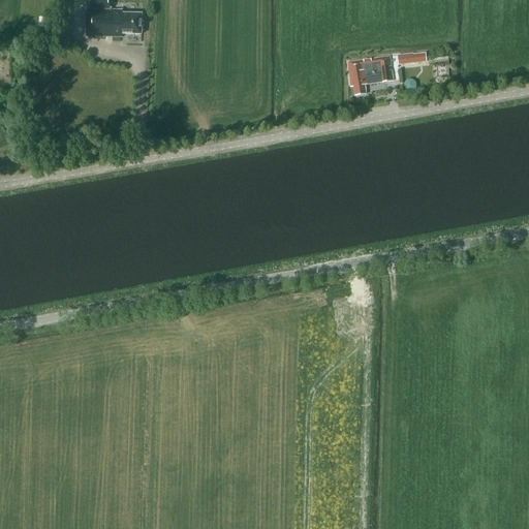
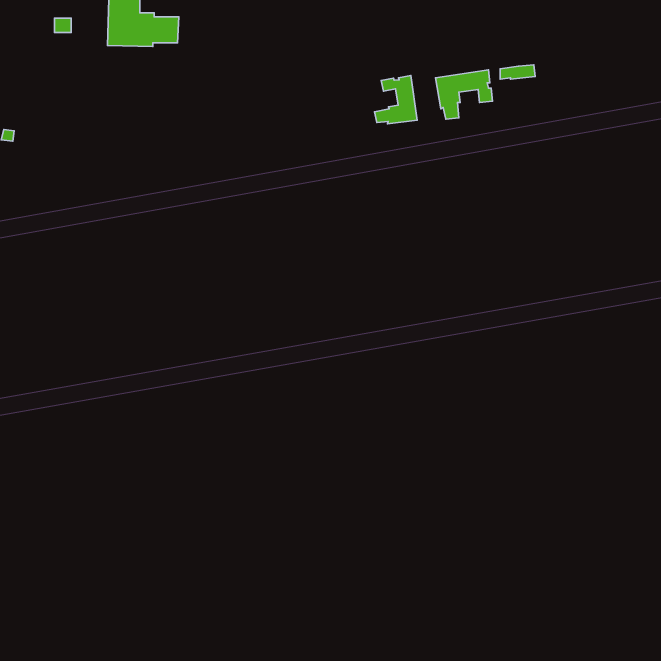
building: none -> [375,76,417,124]

